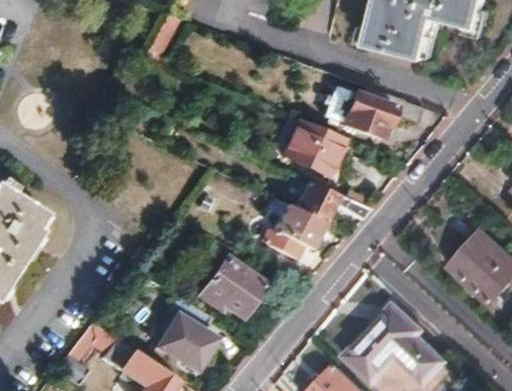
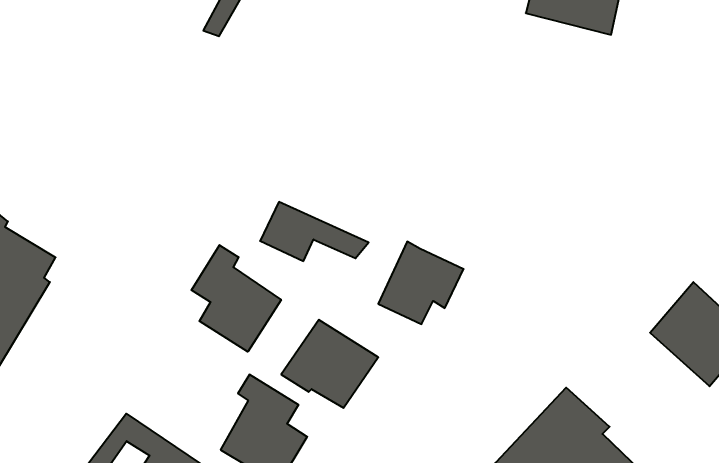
building: [341,93,424,138] -> none
building: [282,119,345,177] -> none
building: [294,181,369,222] -> [260,202,369,261]
building: none -> [191,245,281,352]

